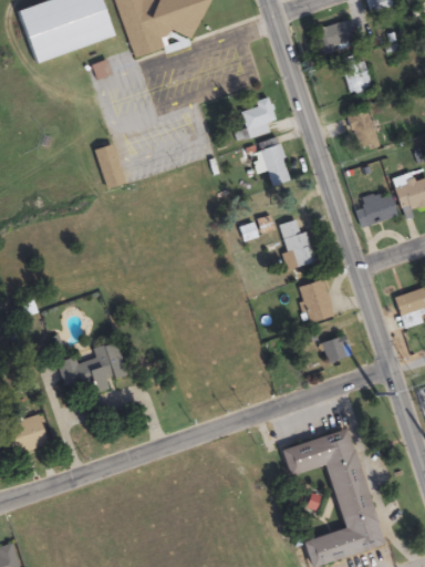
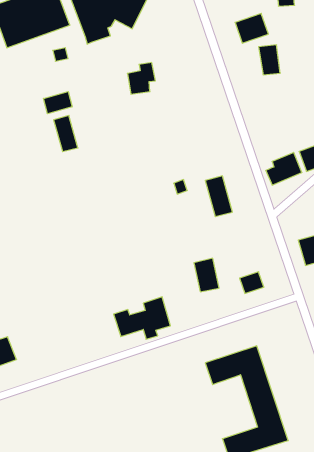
building: [242,97,277,136] -> [127,63,155,94]
building: [348,110,380,152] -> none
building: none -> [44,92,72,114]
building: [257,137,292,185] -> none
building: [302,281,333,322] -> [194,258,219,292]
building: [58,341,127,393] -> [114,297,170,339]

